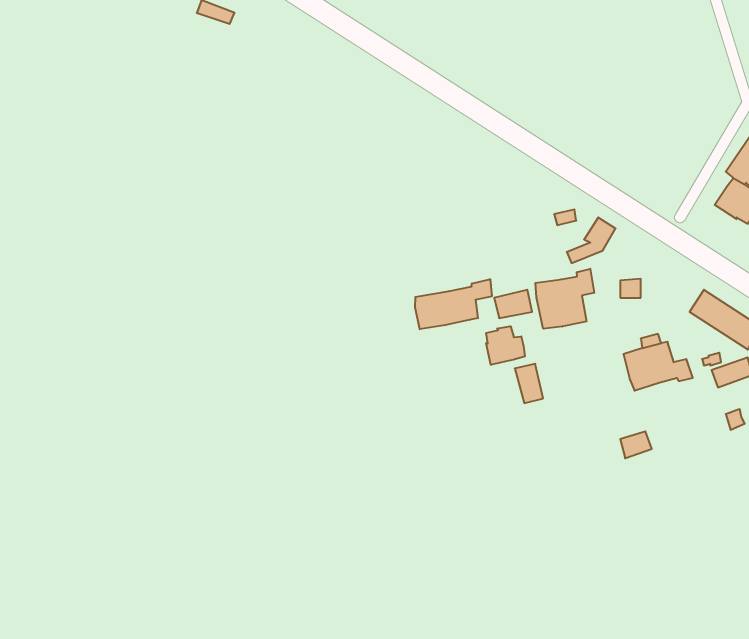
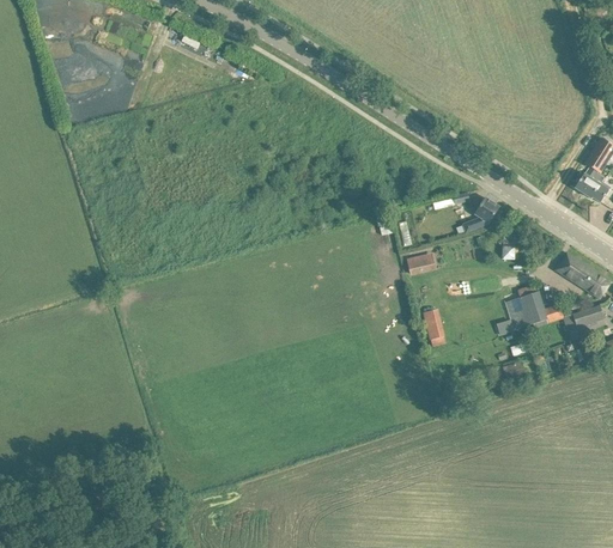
building: [535,269,594,329] -> none
building: [415,279,492,329] -> none
building: [486,326,525,365] -> none

